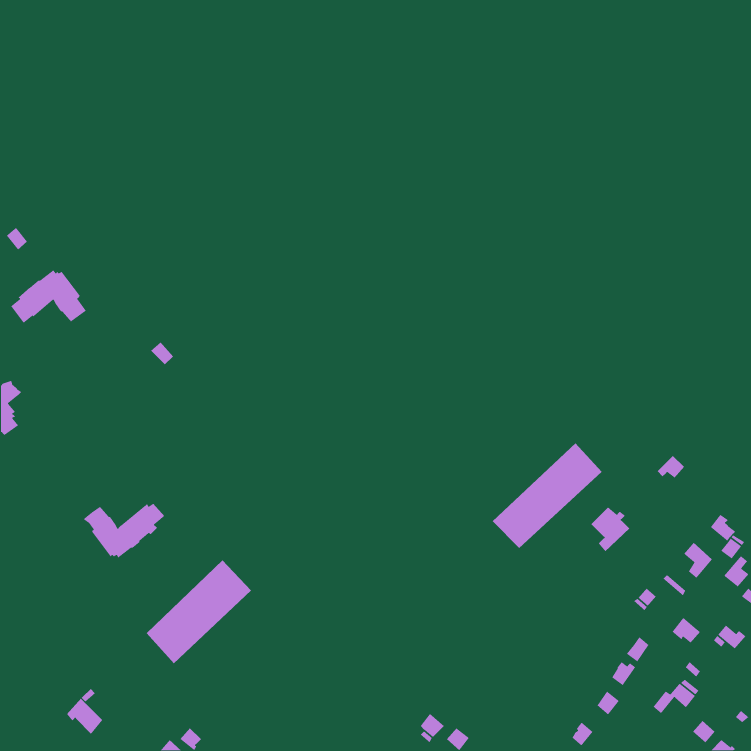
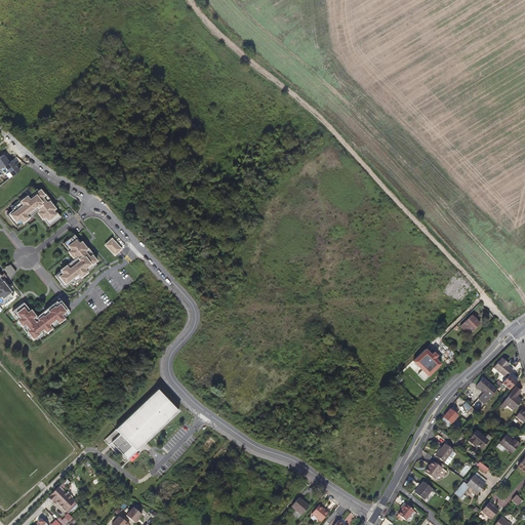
building: none -> [55,234,97,286]
building: [492,443,603,549] -> none
building: [83,503,165,559] -> [12,299,70,338]

